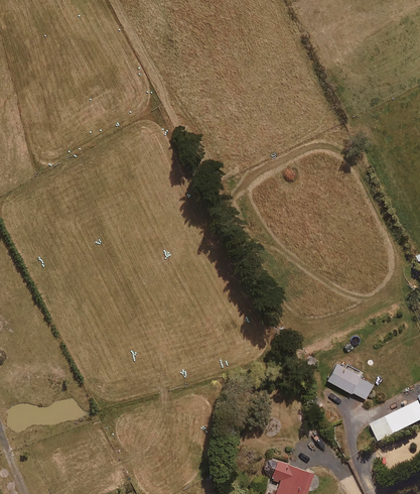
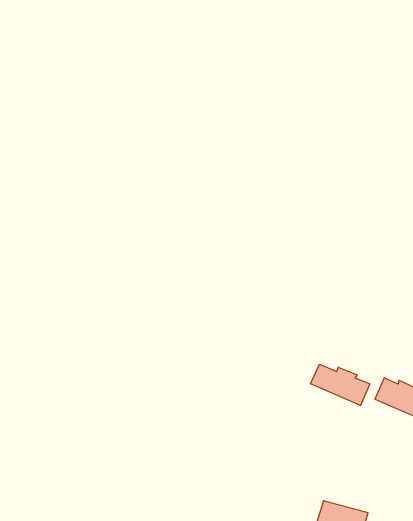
building: none -> [311,364,370,405]

